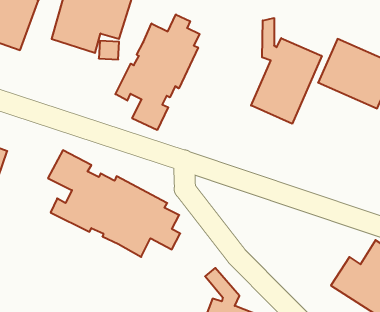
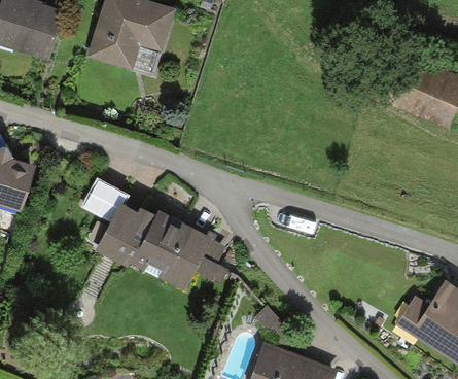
building: [115,14,200,130] -> none
building: [251,18,322,124] -> none

